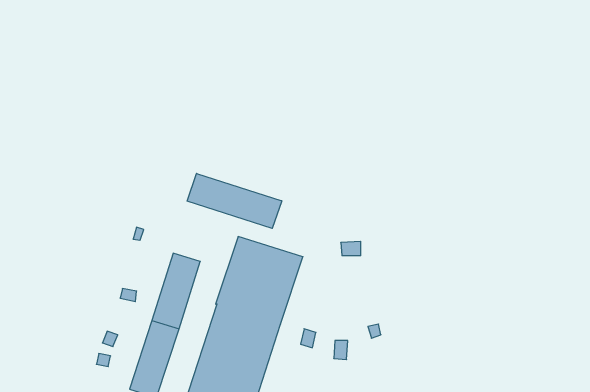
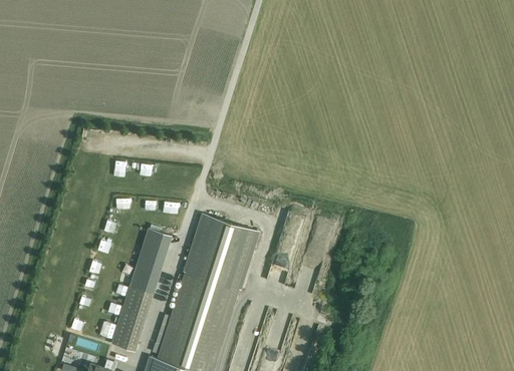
building: [187,173,282,228] -> none

